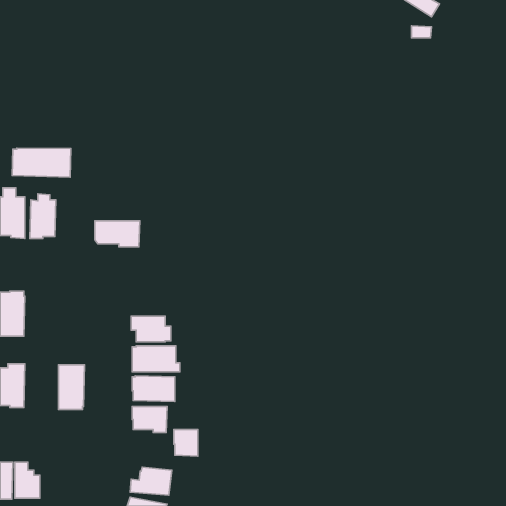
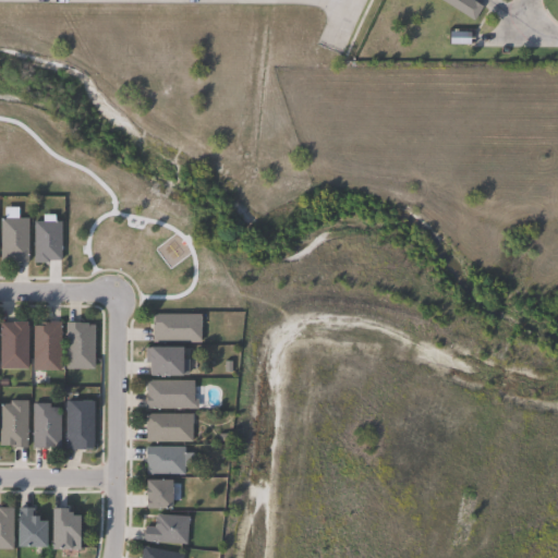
building: [12,148,71,177] -> none
building: [95,221,140,247] -> [154,313,203,341]
building: none -> [34,320,62,368]
building: none -> [66,320,95,367]
building: none -> [33,402,61,447]
building: [174,429,198,456] -> [146,480,172,509]
building: none -> [51,508,81,548]

